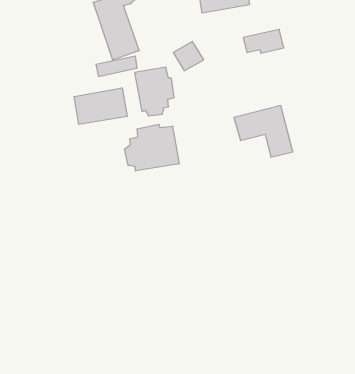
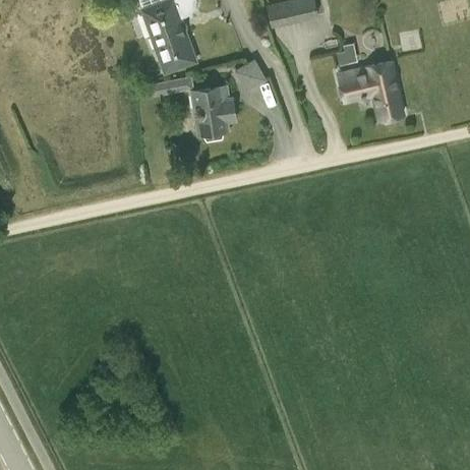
building: [74,88,127,124] -> none
building: [234,106,293,157] -> [339,61,404,118]
building: [125,124,179,171] -> none

